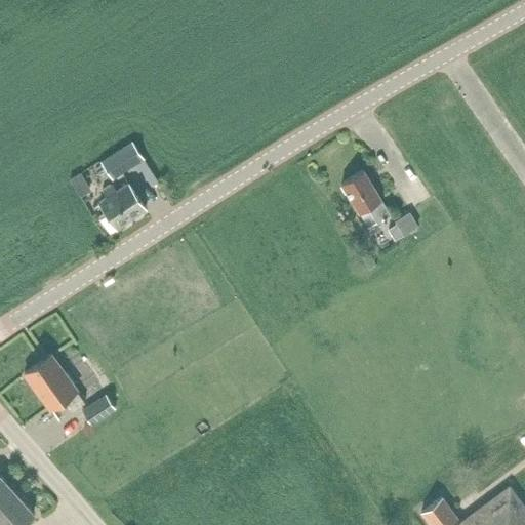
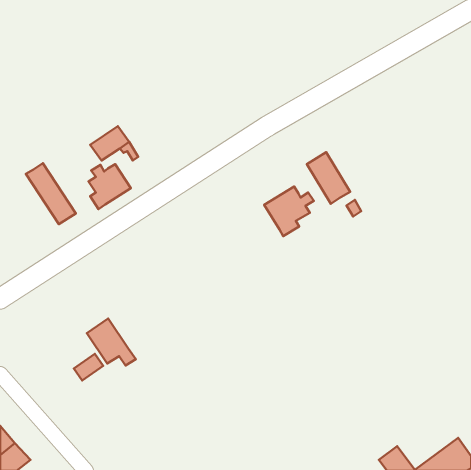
building: none -> [26,163,76,224]
building: none -> [264,187,314,236]
building: [28,358,82,410] -> [87,318,136,365]

